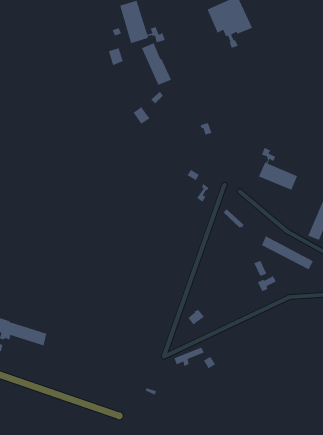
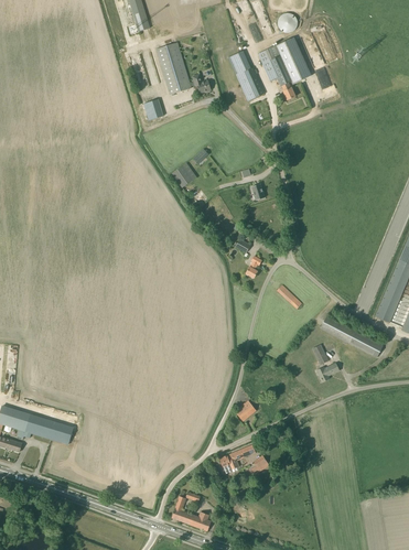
building: [141,42,172,86] -> [228,50,265,100]
building: [258,147,298,191] -> none
building: none -> [171,496,212,530]

